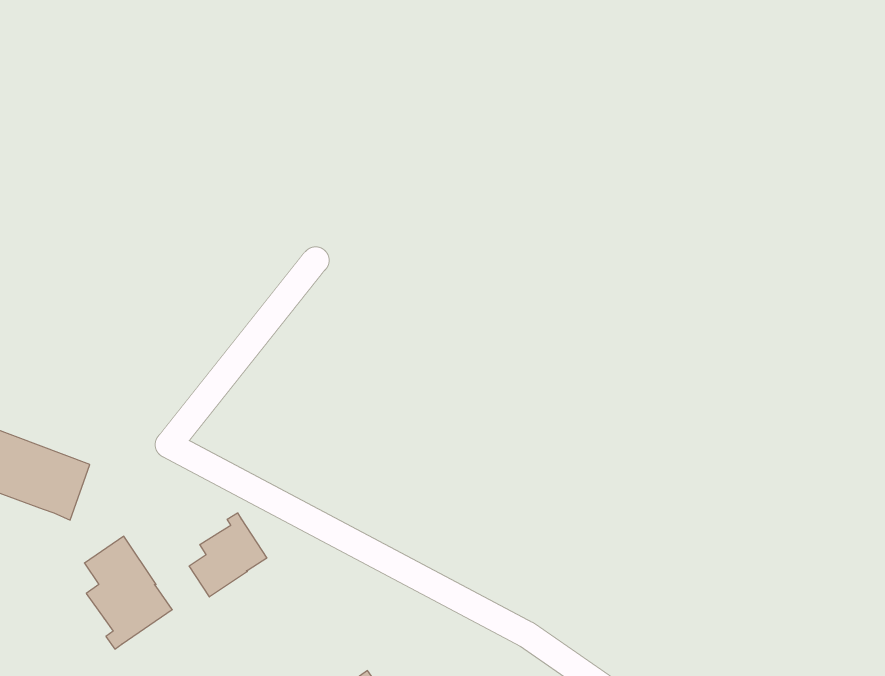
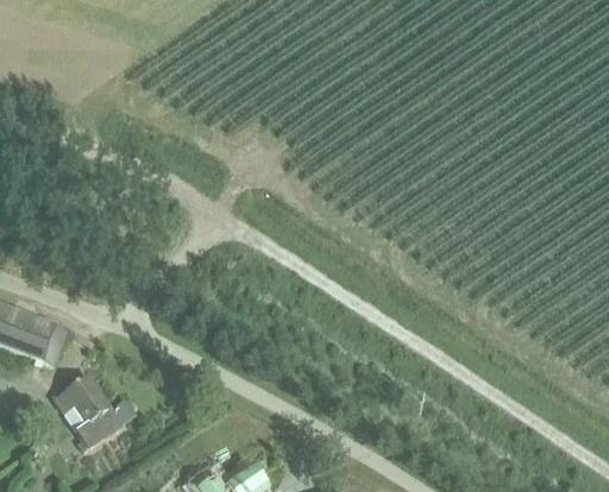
building: [189,513,267,597] -> none

